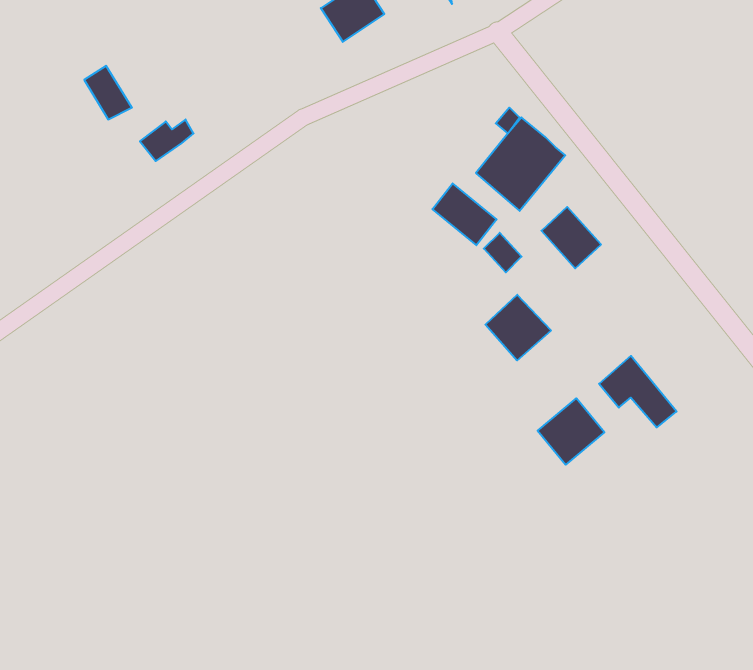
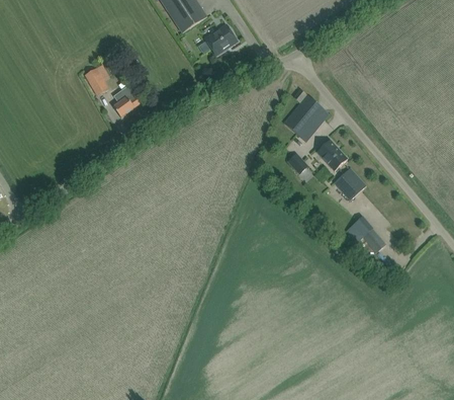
building: [432,183,497,245] -> none
building: [485,295,551,360] -> [333,165,366,198]
building: [538,398,604,465] -> none

